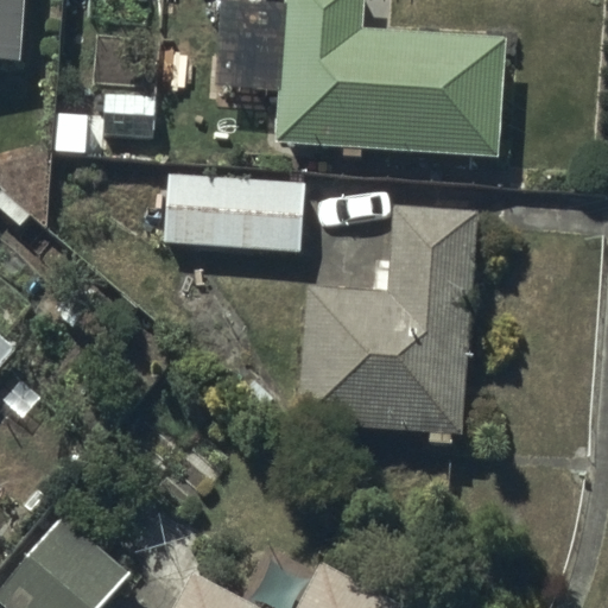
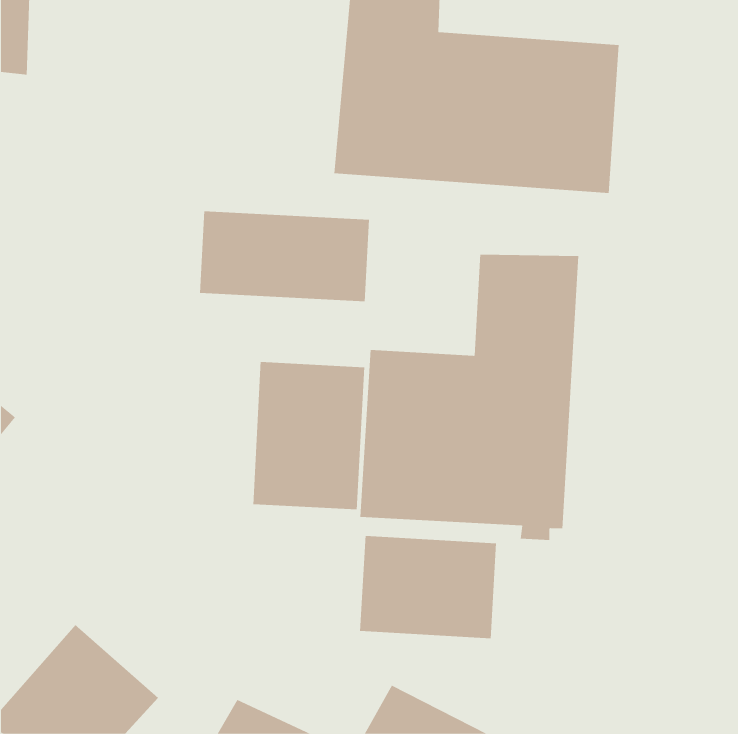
building: none -> [253,361,365,510]
building: none -> [359,535,497,639]

